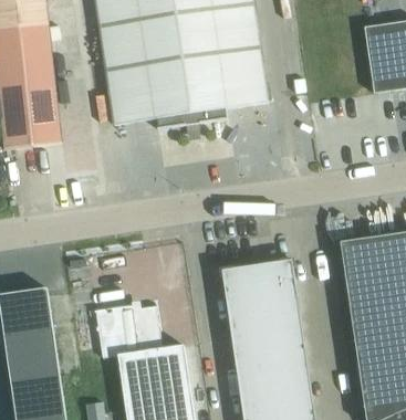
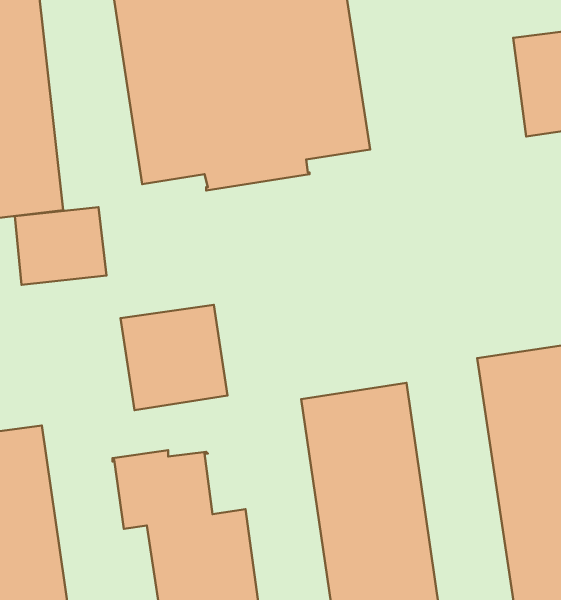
building: none -> [15,207,107,285]
building: none -> [120,305,227,410]

